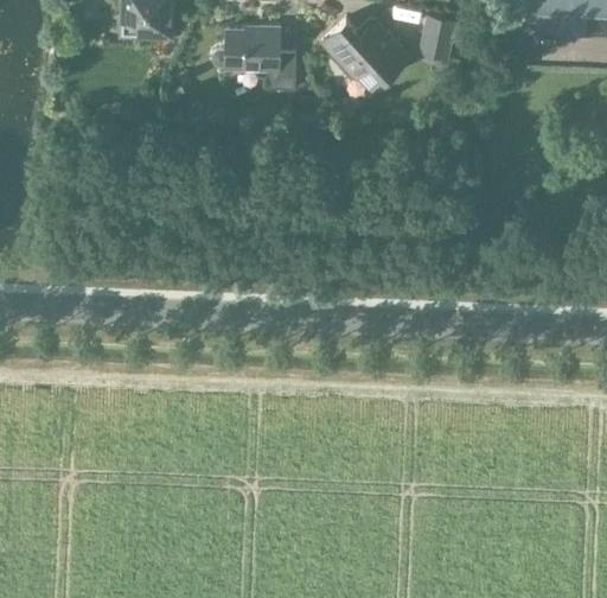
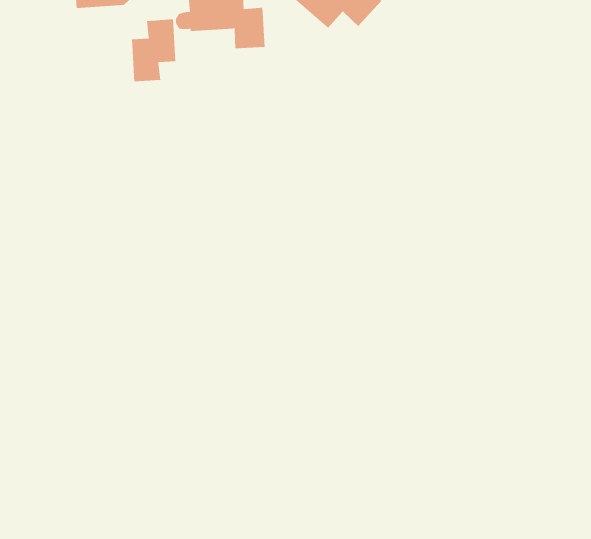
building: none -> [131,18,176,82]

